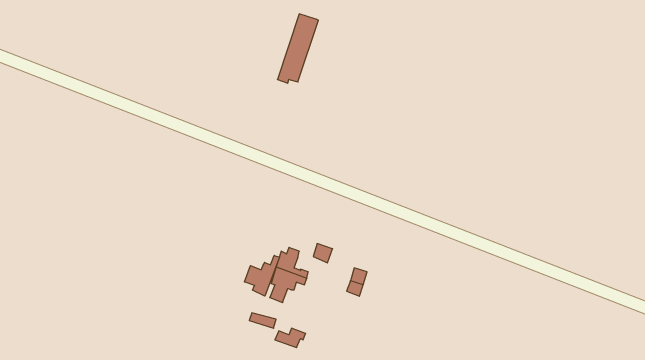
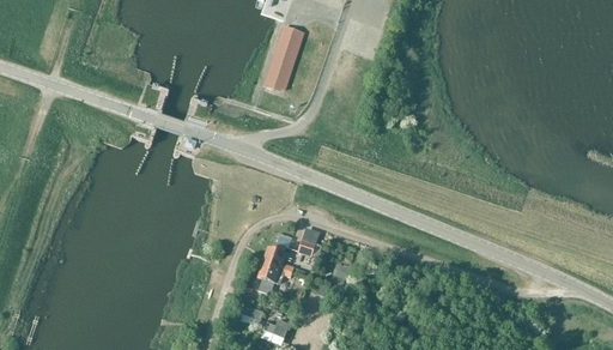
building: [244,255,279,296] -> none

